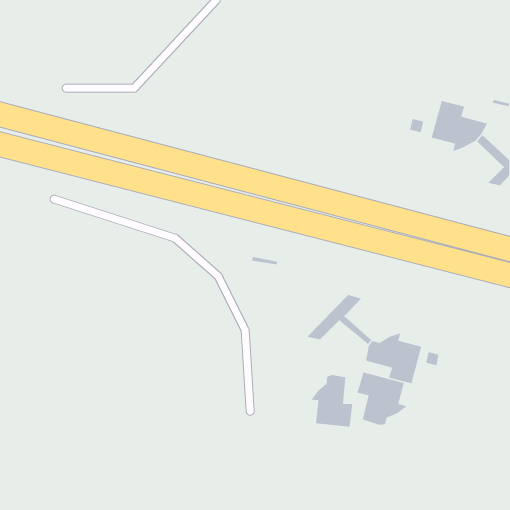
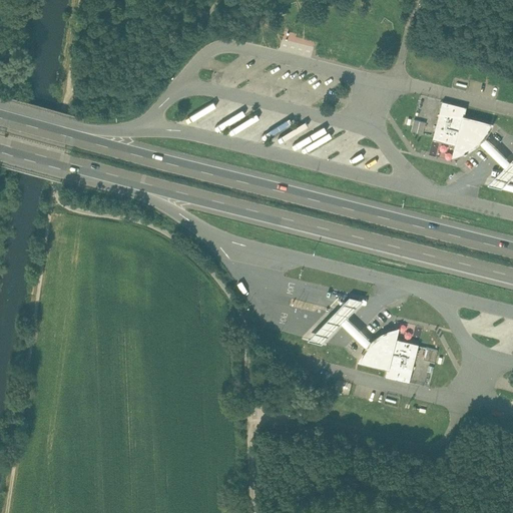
building: [357,371,408,426] -> none
building: [310,374,353,428] -> none

